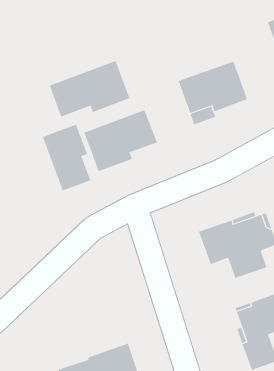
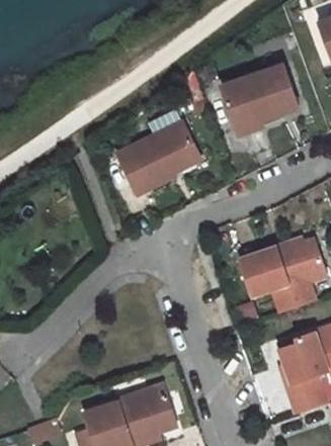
building: [49,60,130,118] -> none
building: [42,124,91,191] -> none

